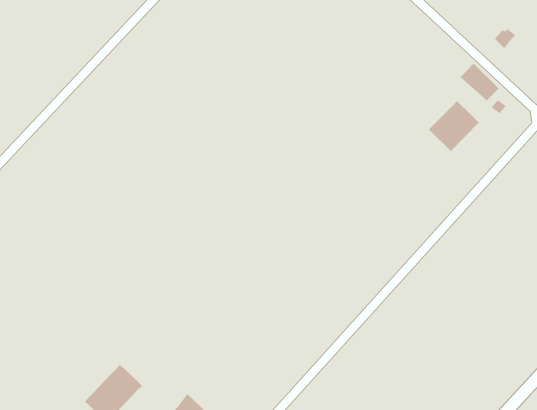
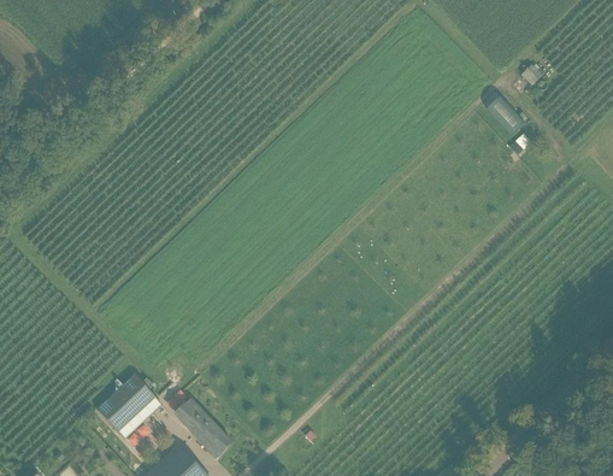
building: [428,100,479,152] -> none

